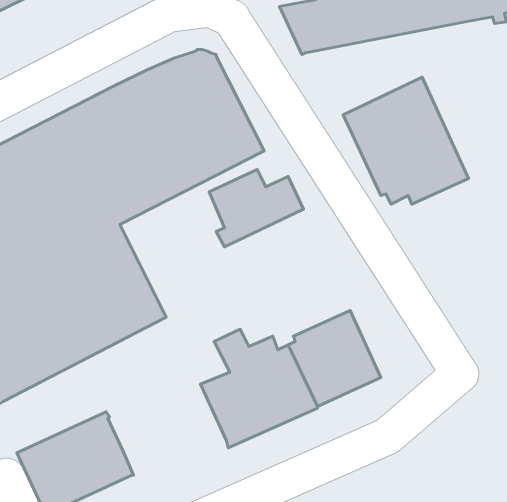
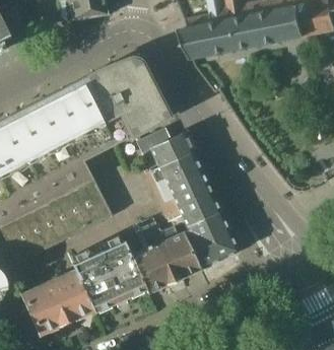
building: [343,77,468,204] -> [147,150,221,225]
building: none -> [78,251,148,311]

